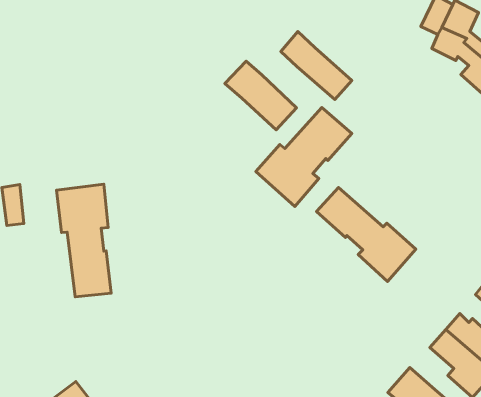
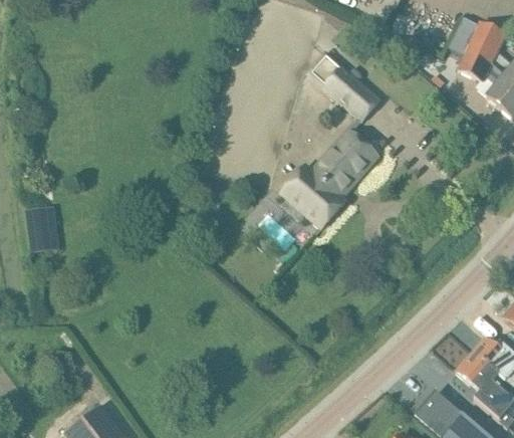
building: [225,61,296,130] -> none
building: [56,184,111,297] -> none
building: [316,188,416,281] -> none

